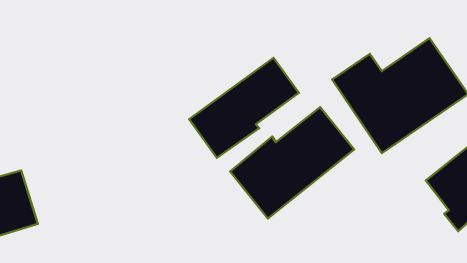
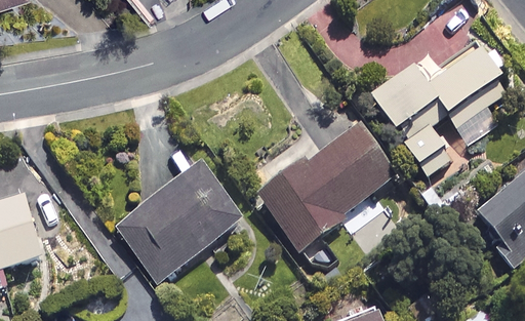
building: [189,58,299,158] -> none
building: none -> [117,163,243,280]

